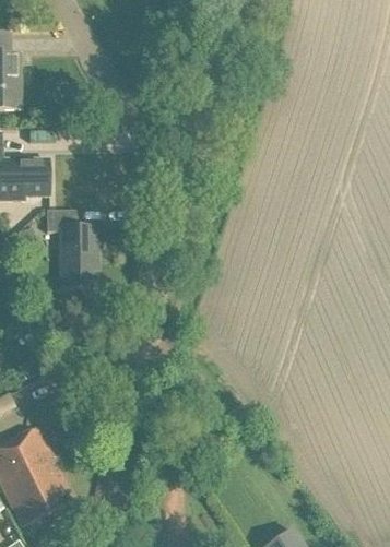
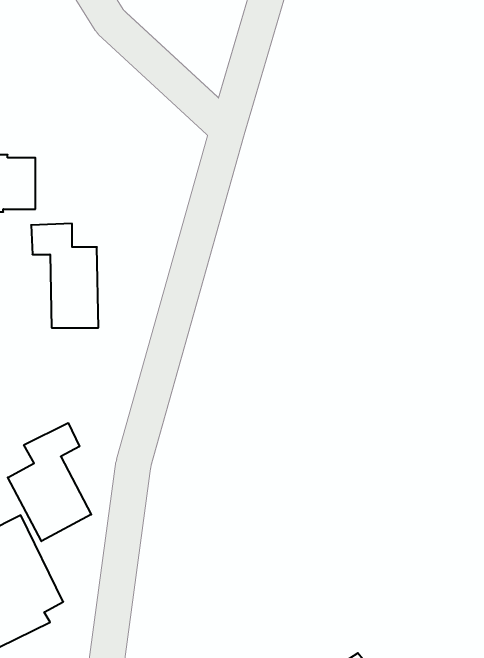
building: none -> [8,423,91,541]

